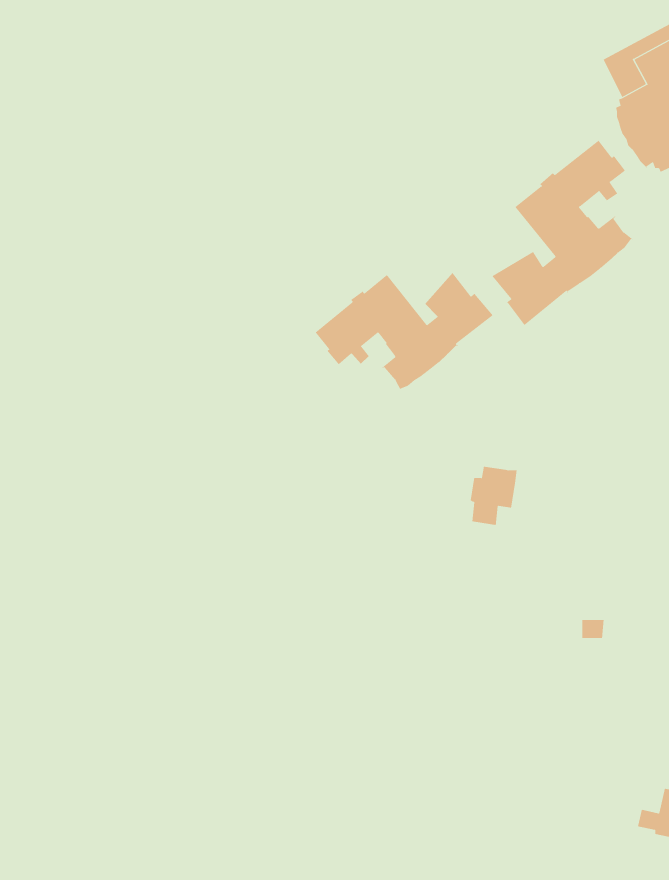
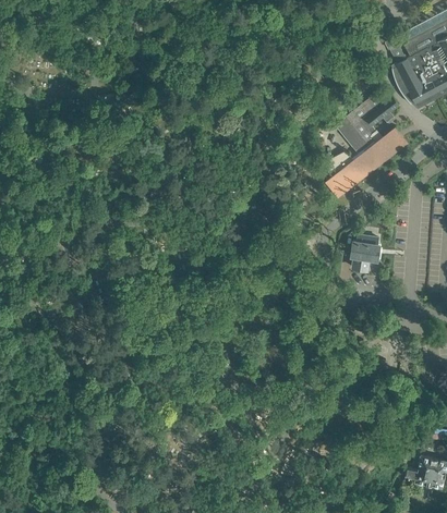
building: [315,272,493,391] -> none
building: [470,466,518,525] -> [352,236,379,270]

